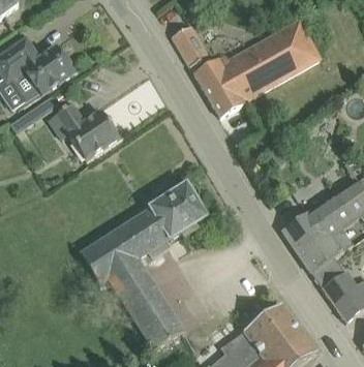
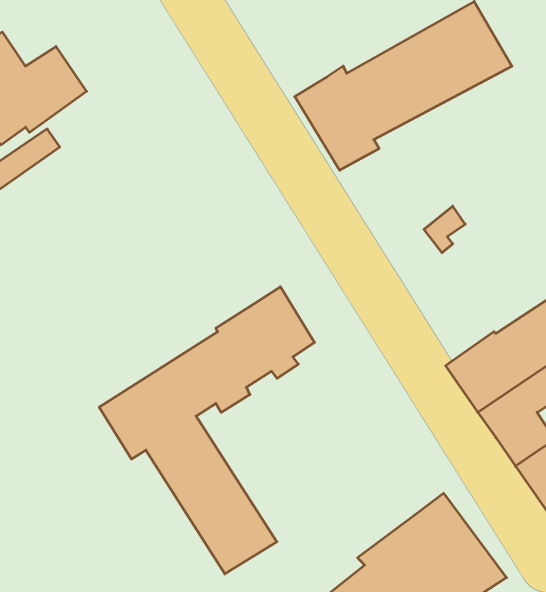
building: [172,25,213,74] -> none
building: [49,103,119,159] -> none

